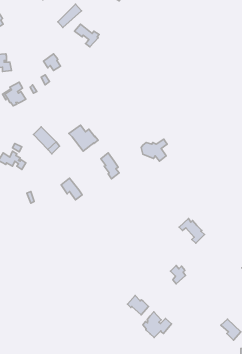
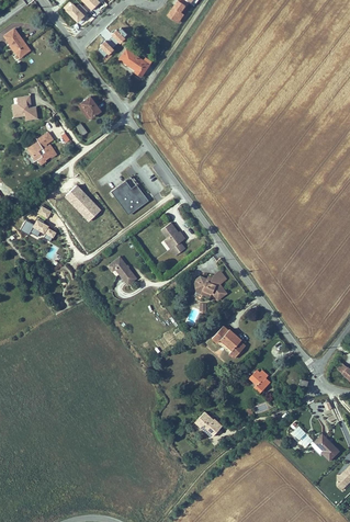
building: [141,139,167,161] -> [191,270,225,298]
building: [179,219,204,243] -> [207,325,240,356]
building: [143,312,172,338] -> none

